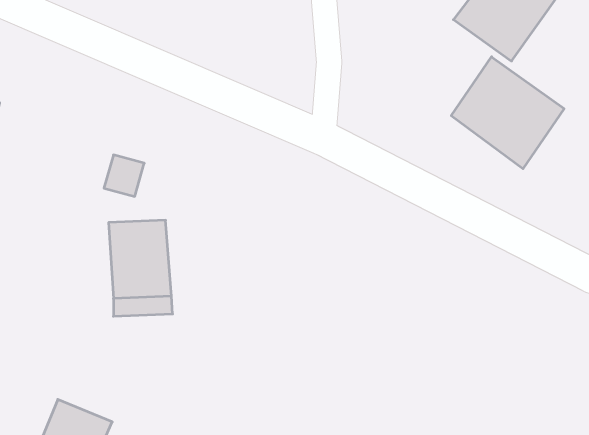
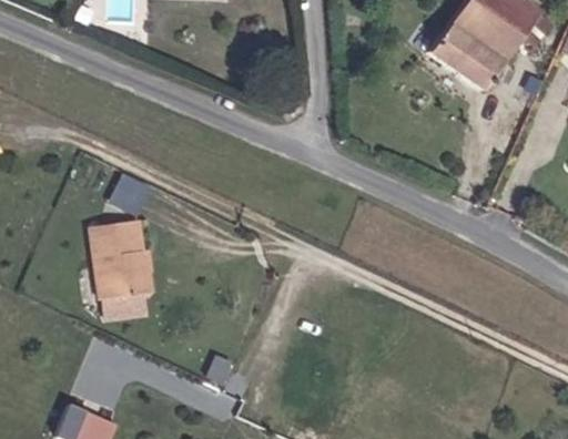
building: [451,57,564,169] -> none

